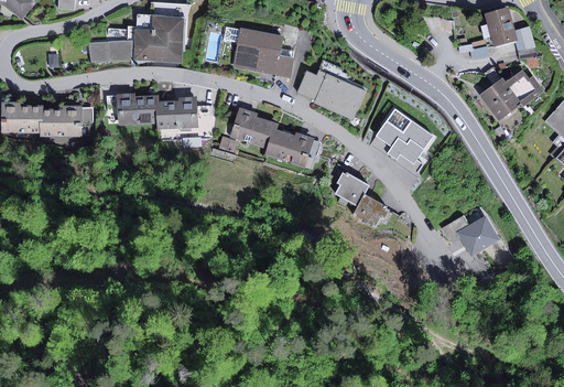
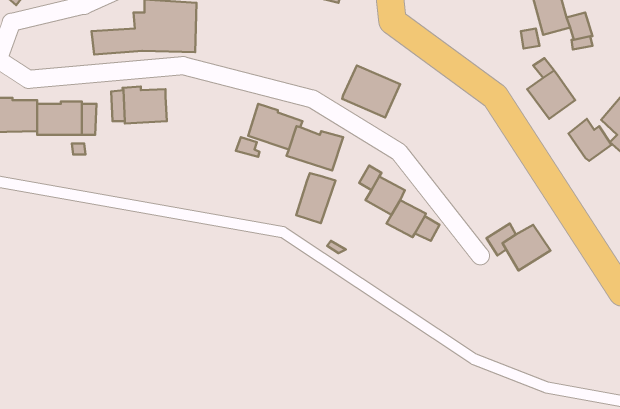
building: [223,26,293,78] -> none
building: [506,69,544,107] -> [568,119,612,161]
building: [297,71,326,100] -> none
building: [155,96,197,129] -> none
building: [377,109,433,164] -> none
building: none -> [296,173,335,223]

